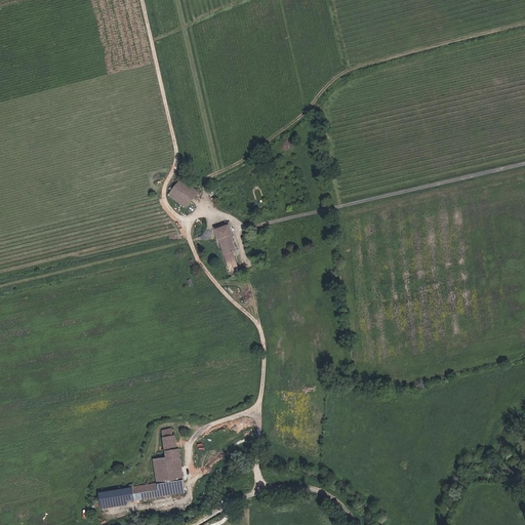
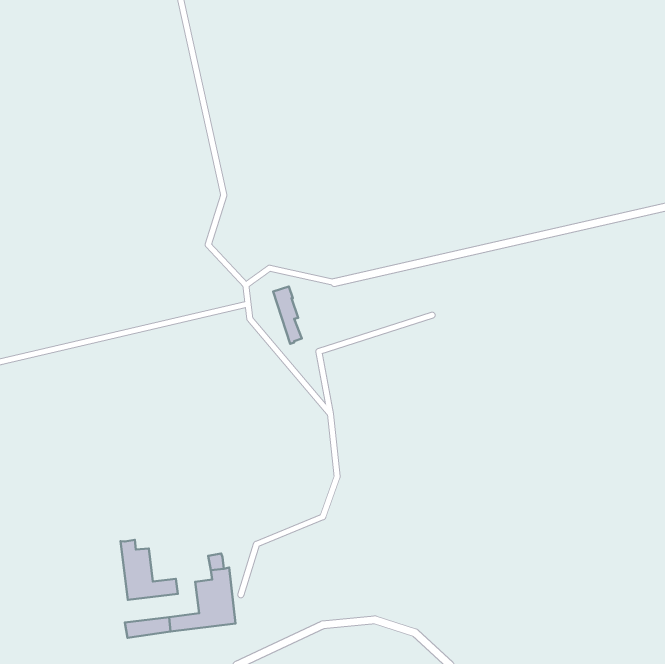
building: [167,180,197,210] -> none
building: none -> [121,540,178,600]

